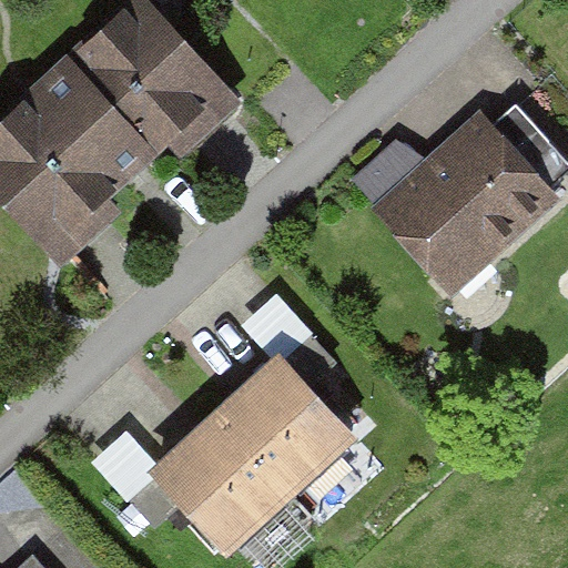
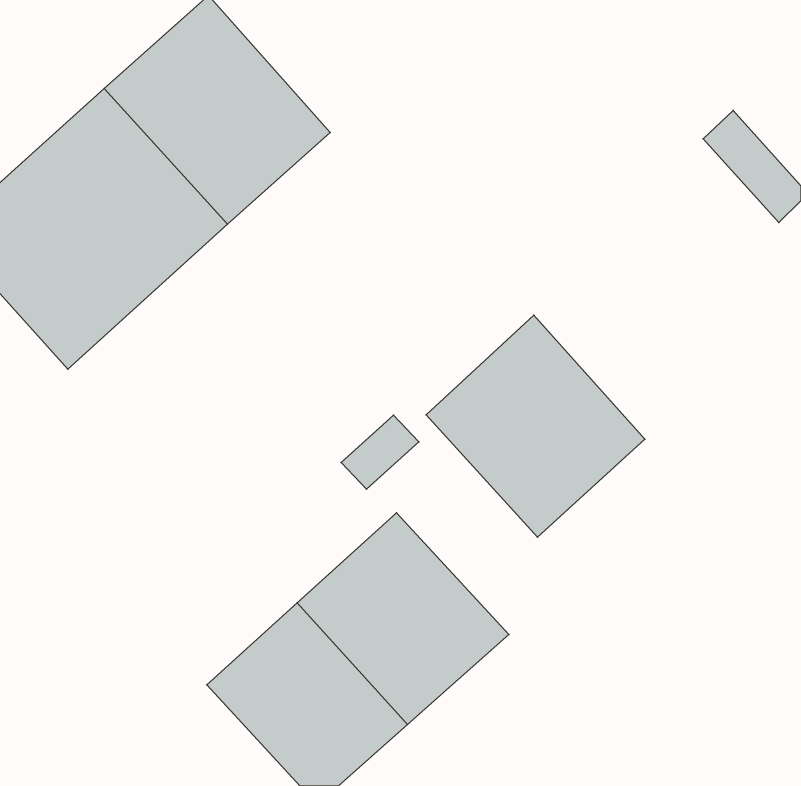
building: [368,88,558,275] -> none
building: none -> [426,315,645,537]

